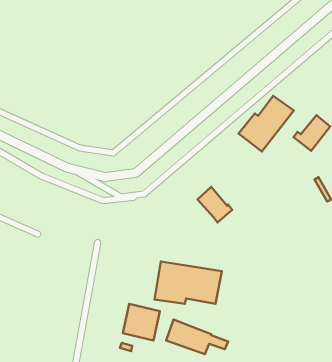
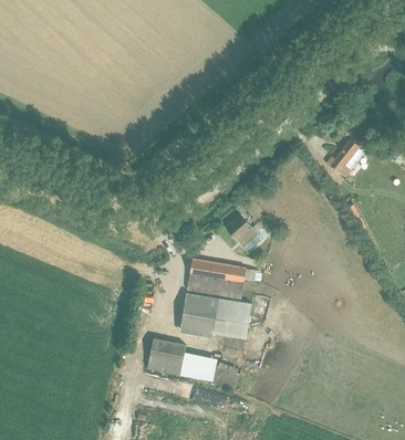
building: [239,96,294,151] -> none
building: none -> [186,258,260,298]

